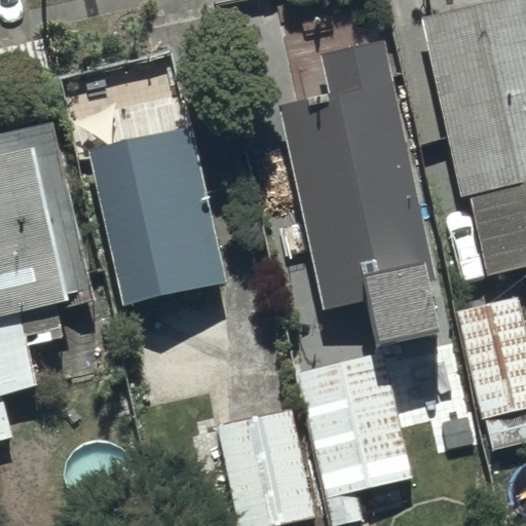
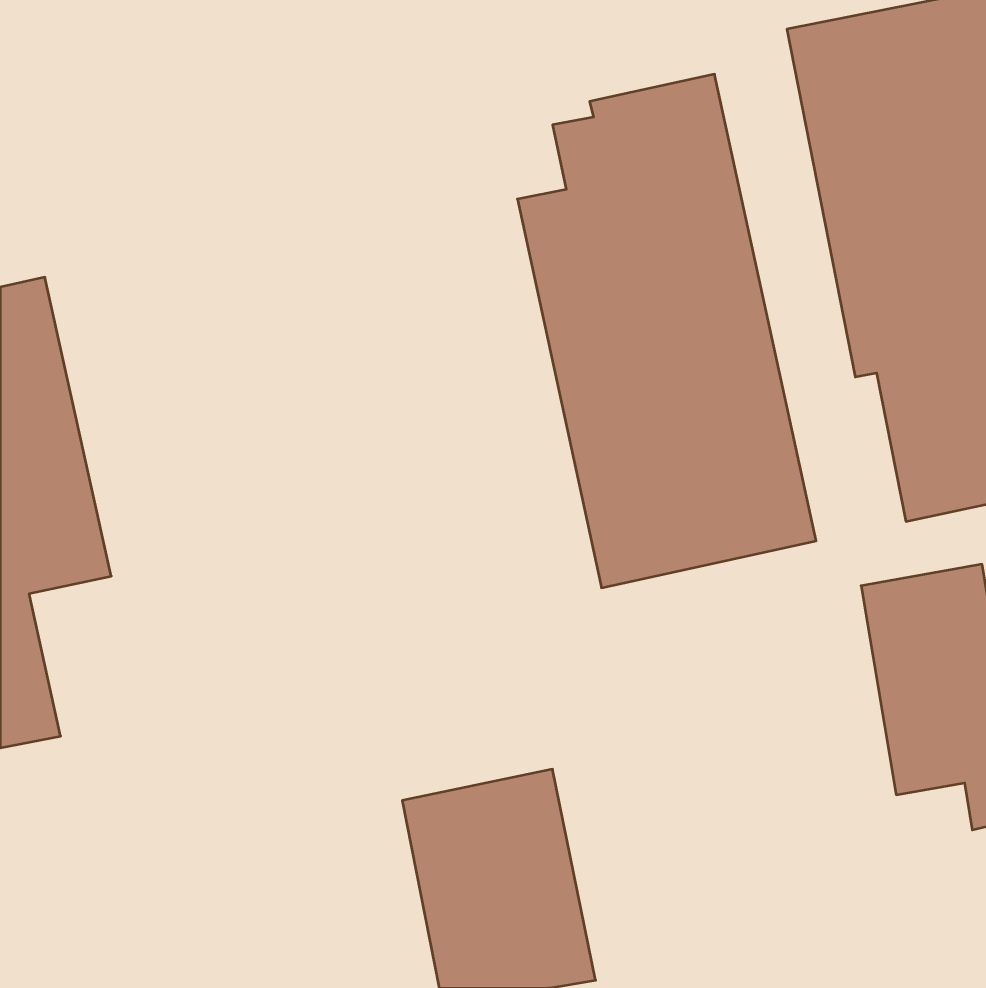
building: [88,126,225,308] -> none
building: [299,349,420,499] -> none

